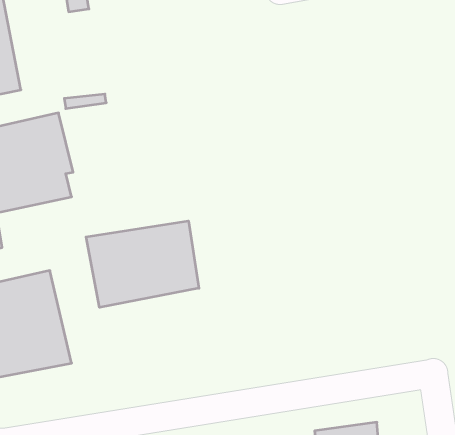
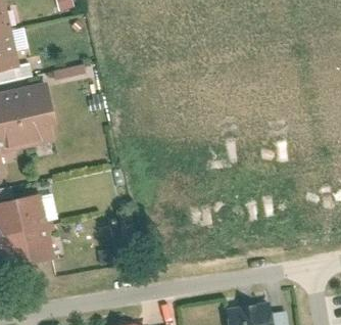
building: [86,221,199,307] -> none

